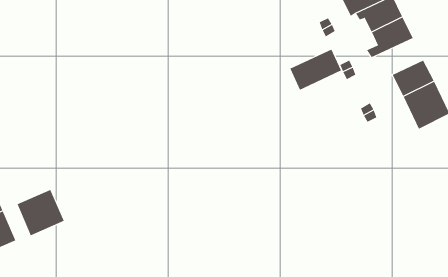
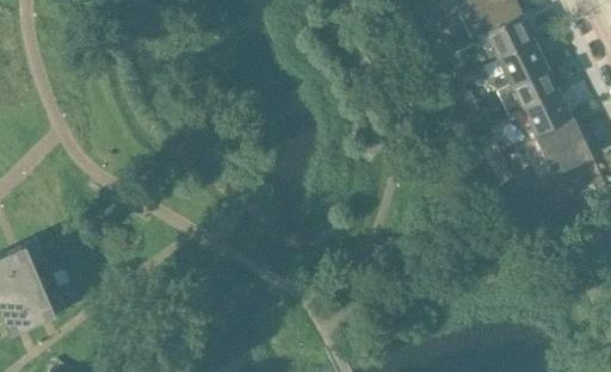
building: [289,49,342,90] -> [498,69,561,119]
building: [17,189,65,236] -> none

